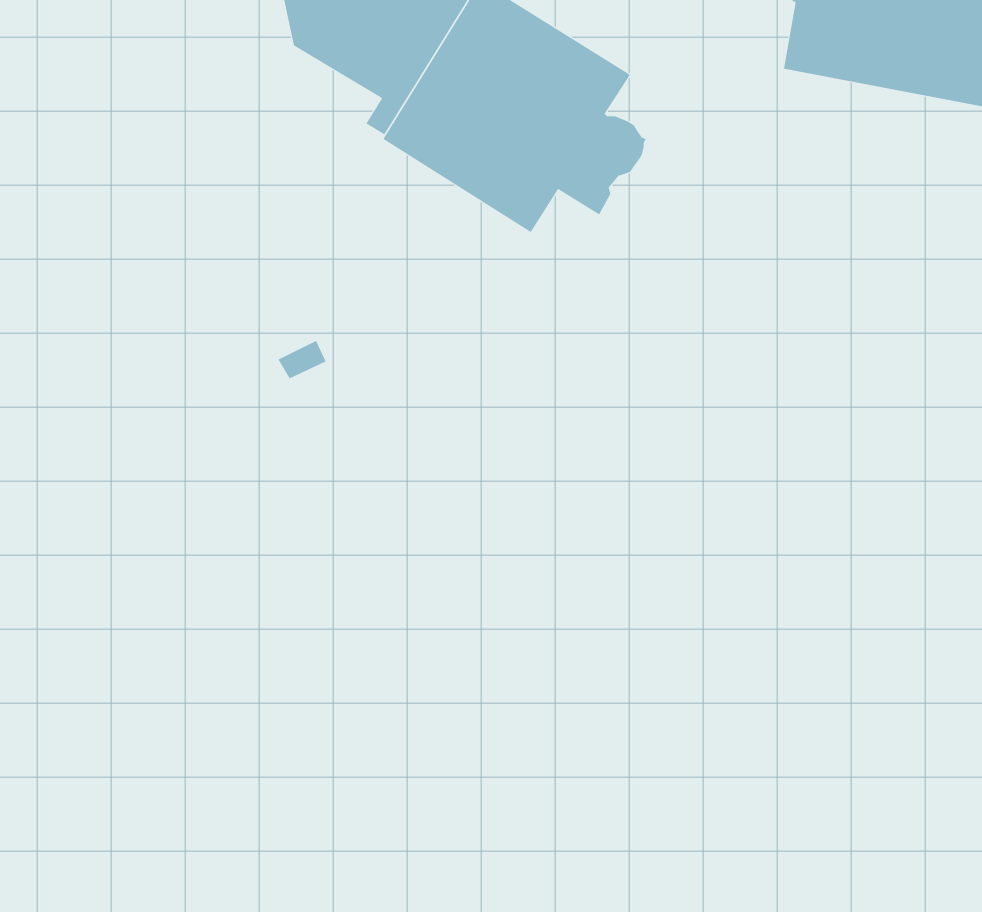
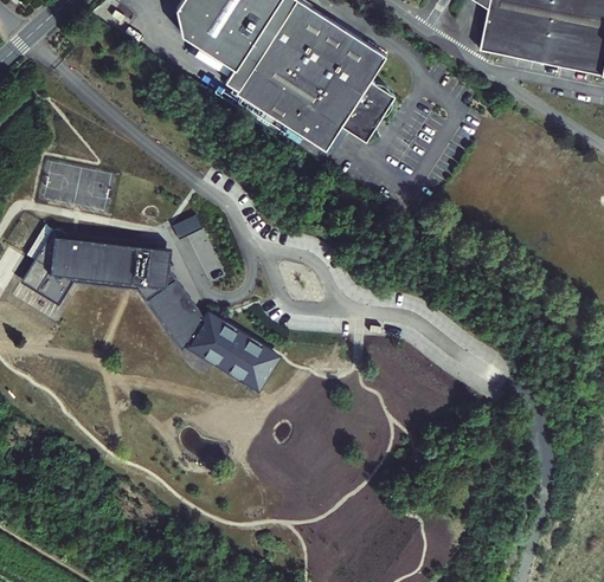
building: none -> [20,226,278,395]

